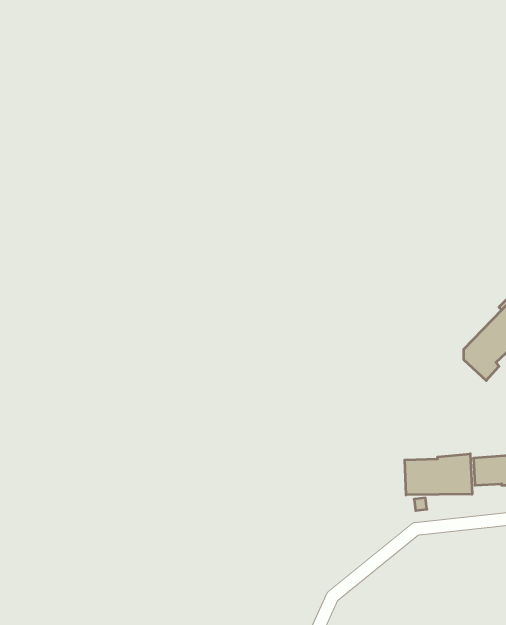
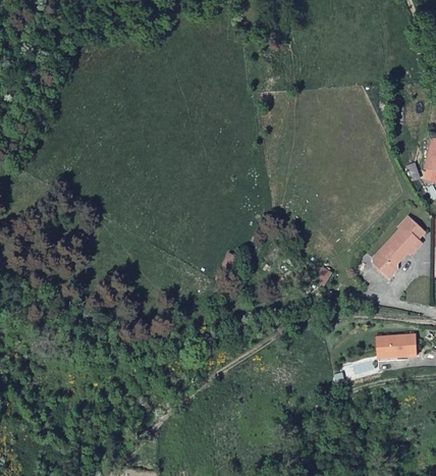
building: [405,454,472,495] -> none

